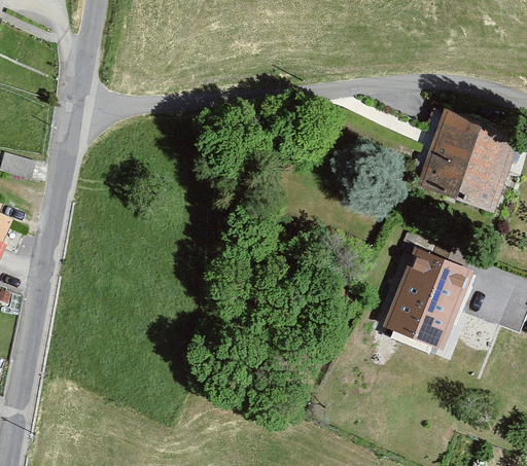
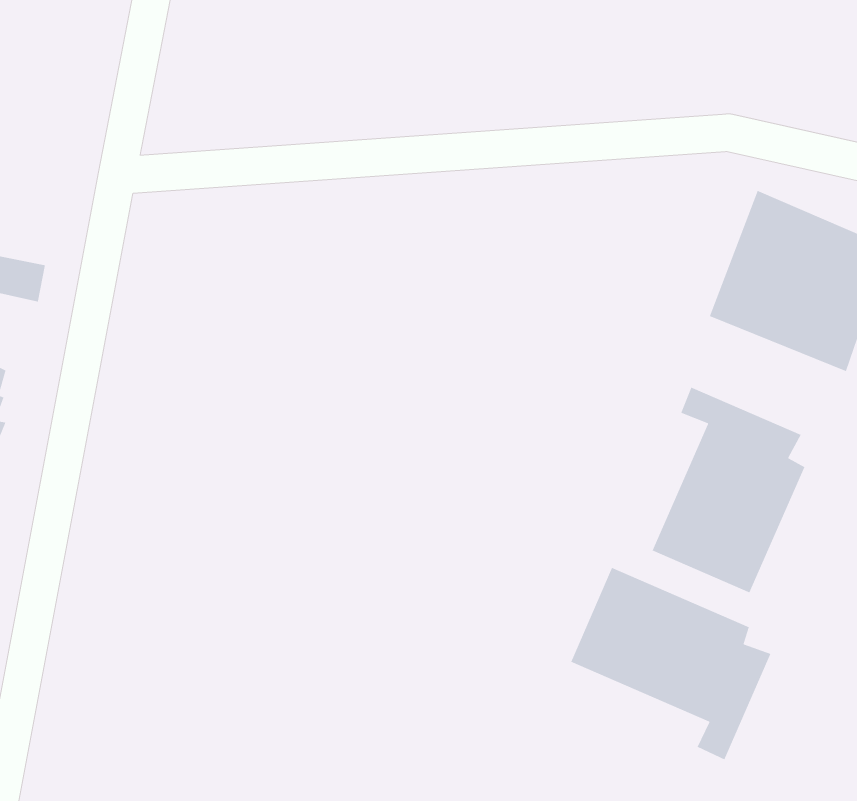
building: none -> [570,567,772,761]

